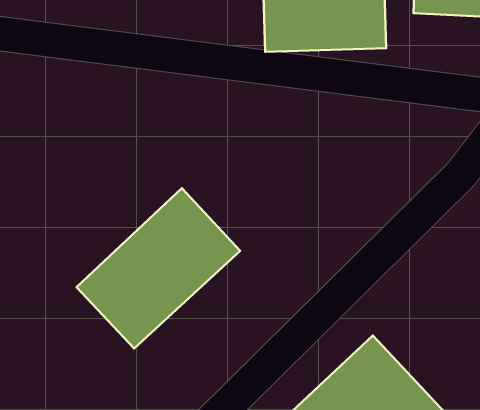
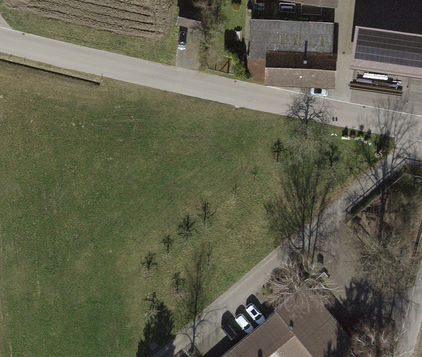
building: [76,188,240,348] -> none

